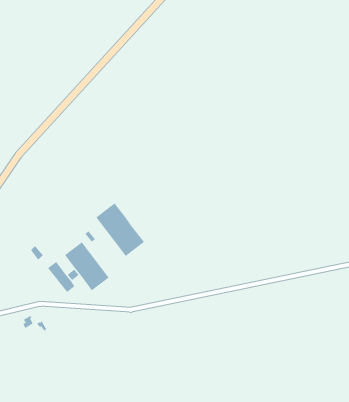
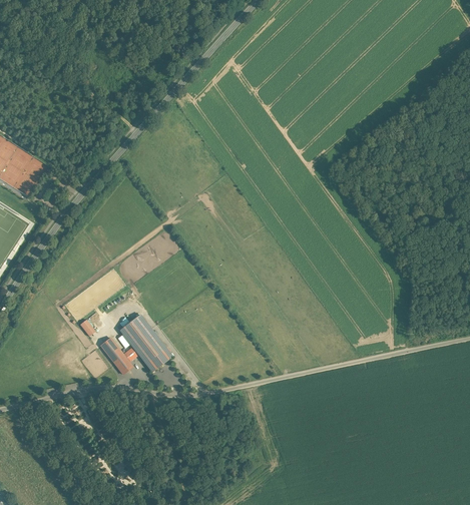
building: [95,203,145,257] -> none

